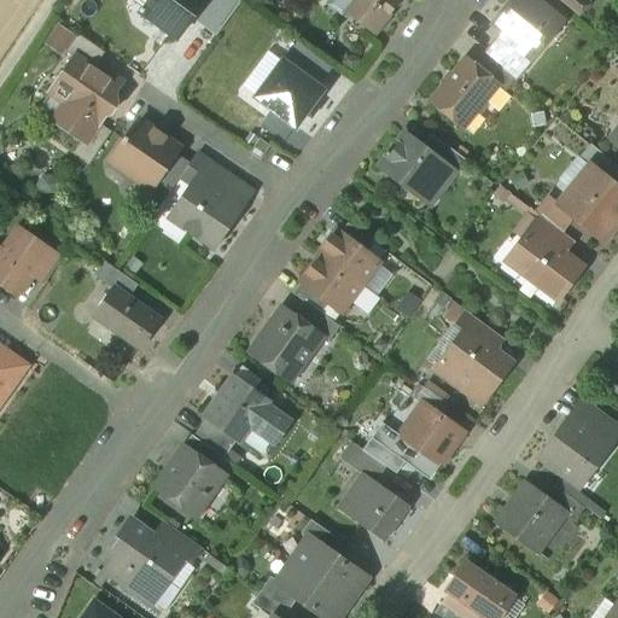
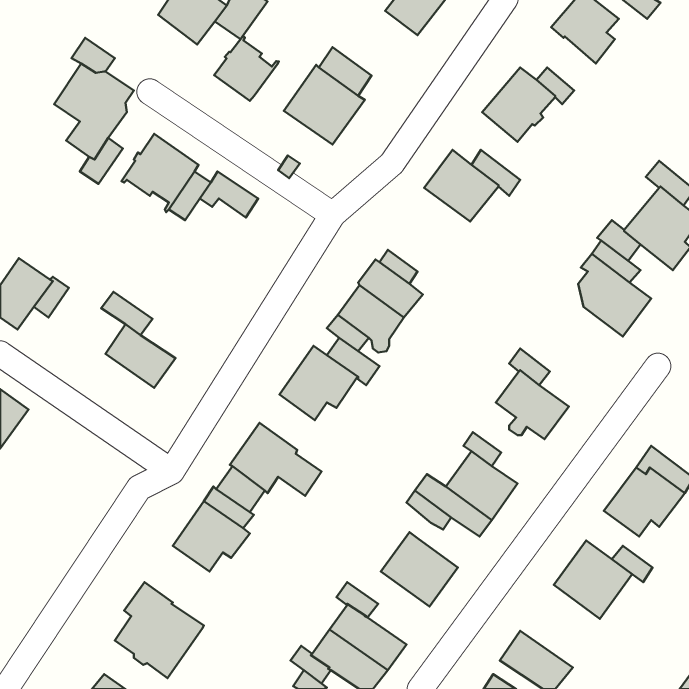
building: none -> [214,36,279,101]
building: [485,33,534,81] -> none
building: [169,177,235,247] -> none
building: [340,442,386,482] -> none
building: [154,523,200,566] -> none

